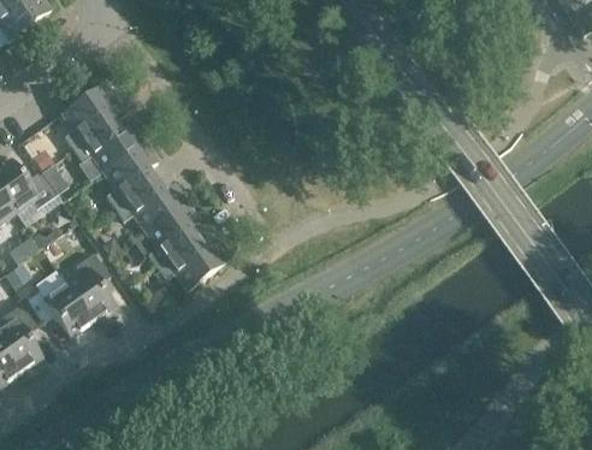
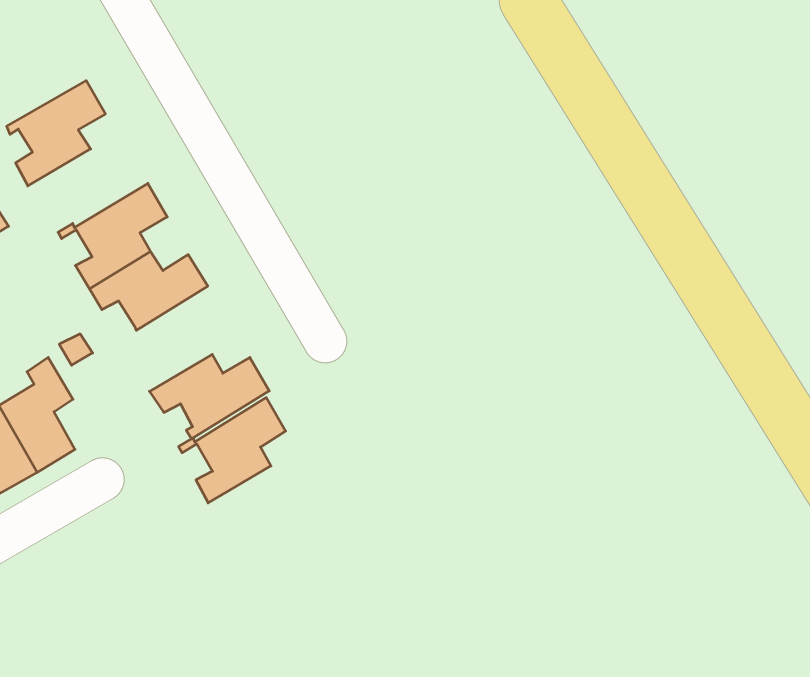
building: [72,124,144,172] -> none
building: [135,201,199,267] -> [179,398,286,503]

